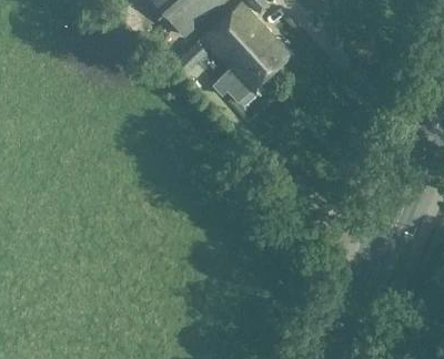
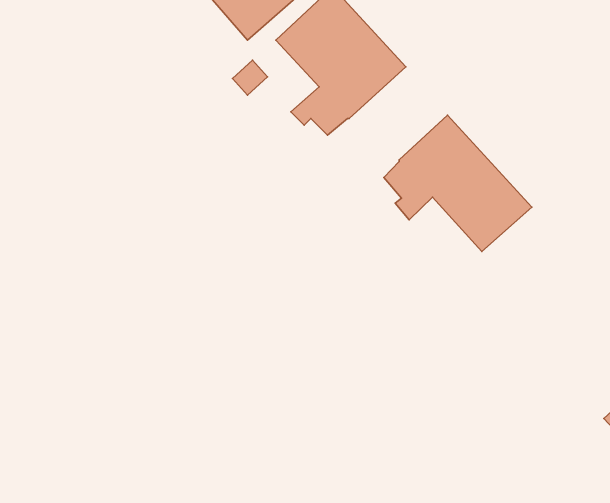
building: none -> [384,115,532,251]

